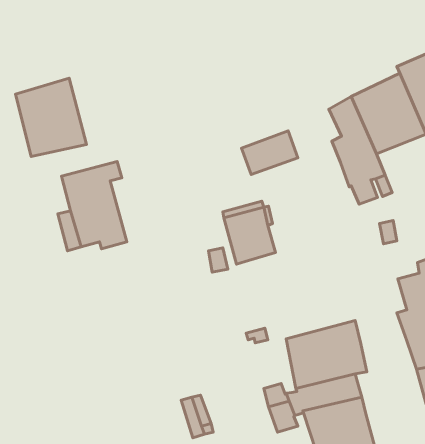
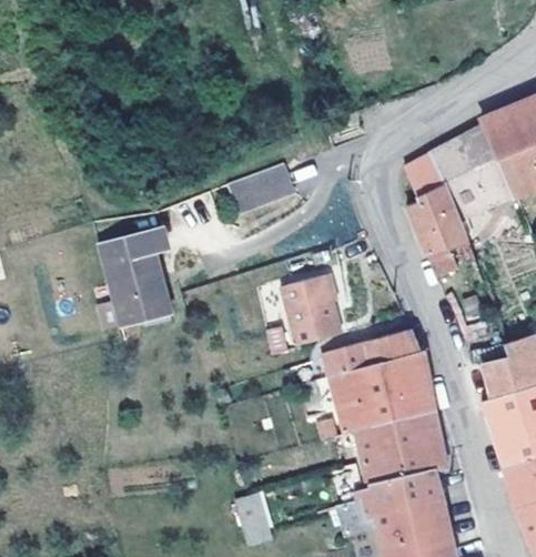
building: [15,78,86,157] -> none
building: [242,131,298,174] -> [229,163,293,213]
building: none -> [325,330,434,433]

